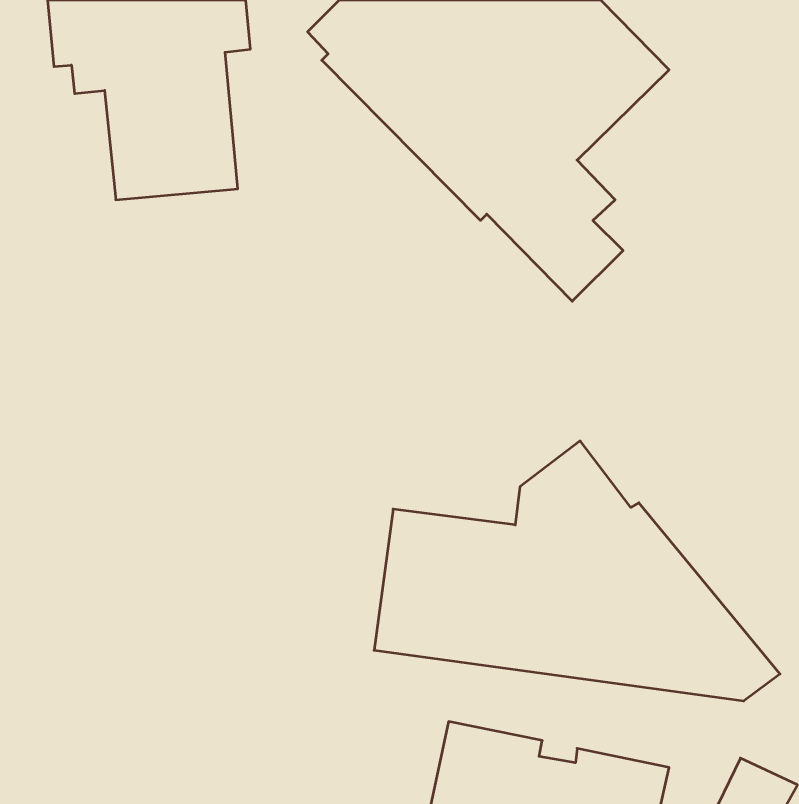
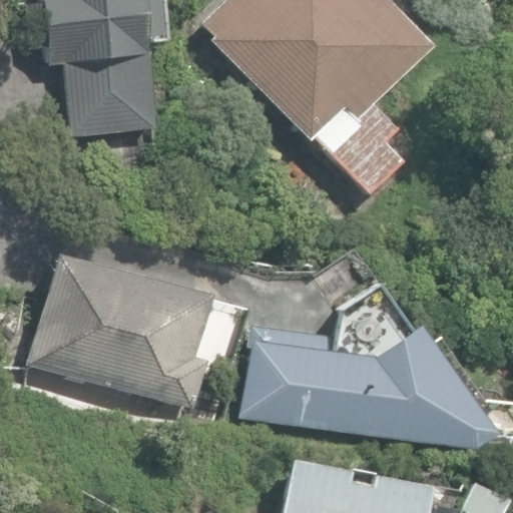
building: none -> [44,256,227,409]

